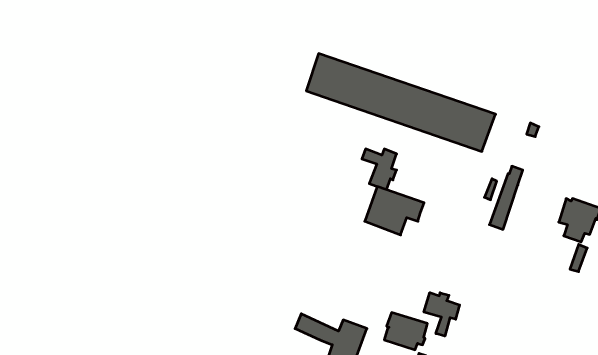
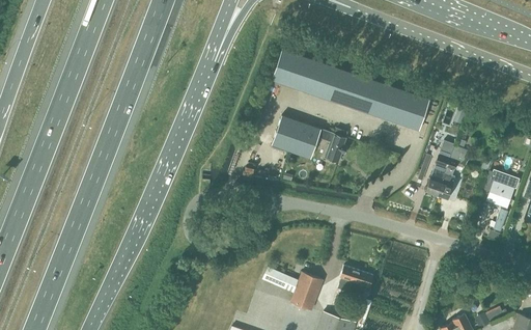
building: none -> [437,145,469,199]
building: [365,187,424,235] -> [272,115,322,156]
building: [424,293,460,336] -> none

